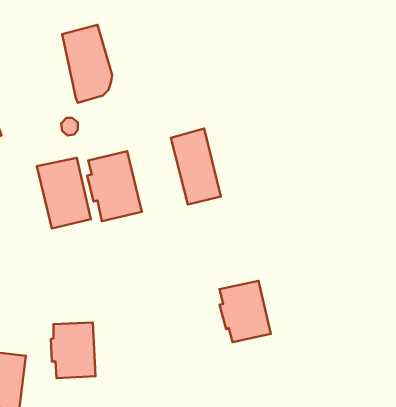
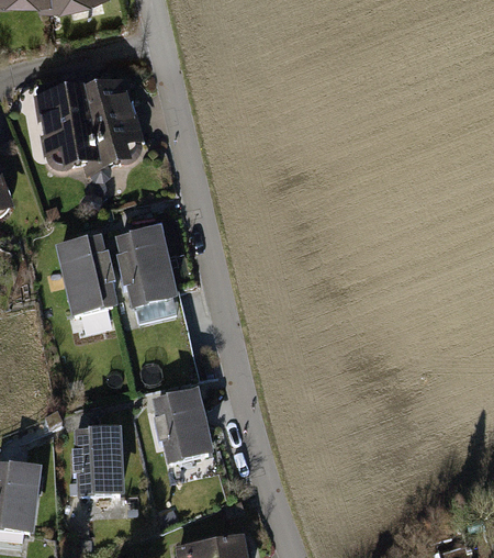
building: none -> [37,87,101,168]
building: [171,128,221,205] -> none
building: [220,281,271,342] -> [151,388,212,460]

